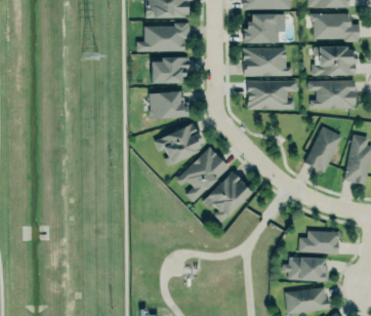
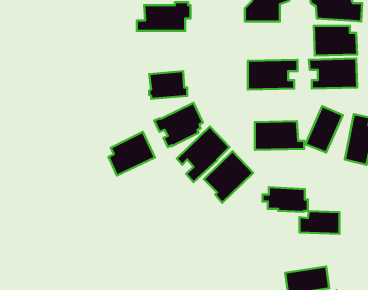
building: [244,47,293,76] -> [255,121,304,150]
building: [152,57,190,84] -> none
building: none -> [108,132,155,175]
building: [284,258,329,282] -> [263,187,308,212]

